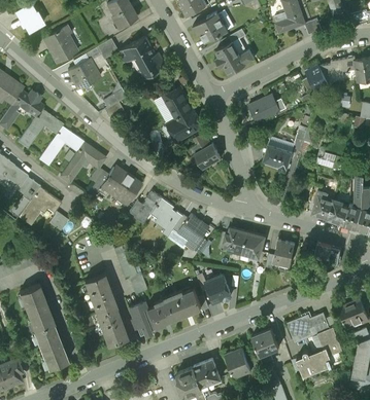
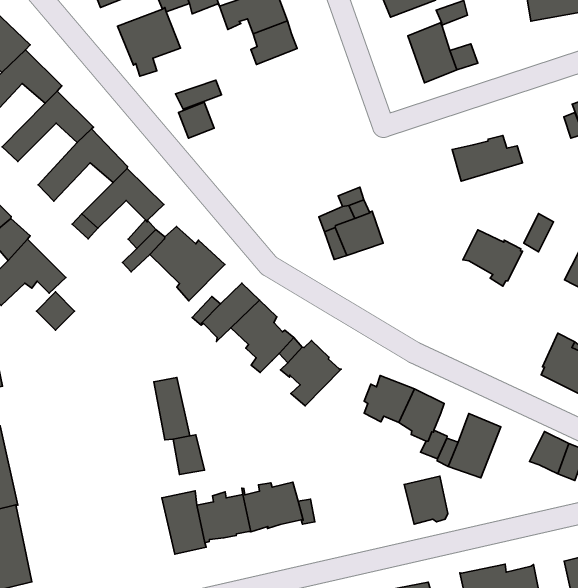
building: [154,87,204,154] -> none
building: [85,274,127,344] -> none
building: [206,276,231,302] -> [404,476,448,524]

